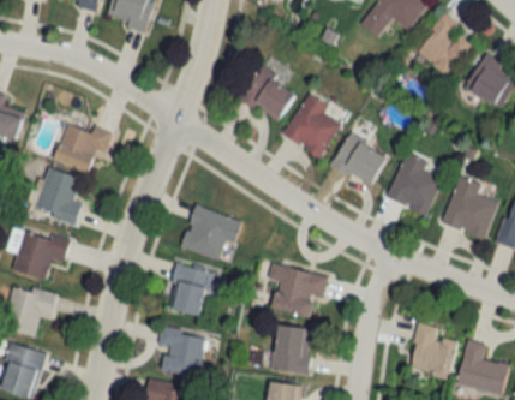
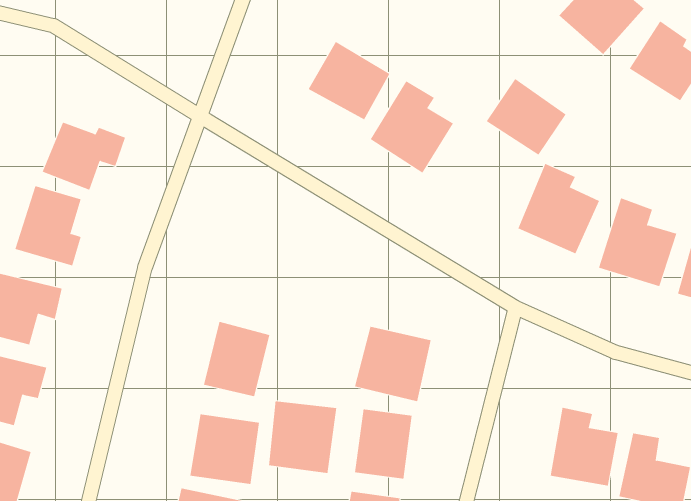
building: [331,132,388,186] -> [486,78,566,156]
building: [181,204,242,258] -> none
building: none -> [268,400,337,474]

